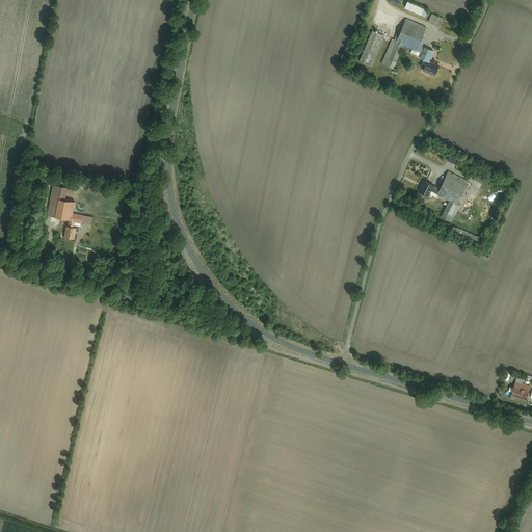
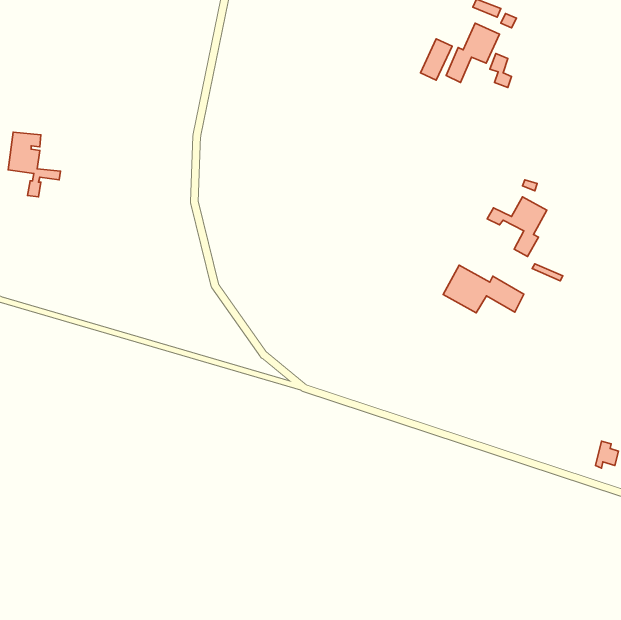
building: [48,184,92,239] -> [8,132,60,197]
building: none -> [443,265,524,313]

